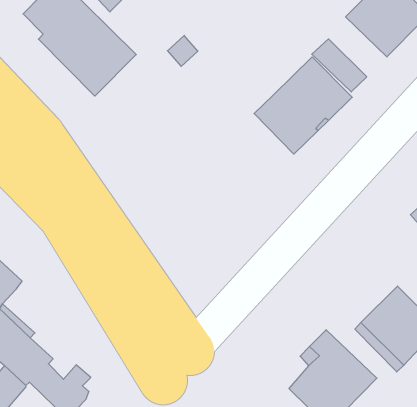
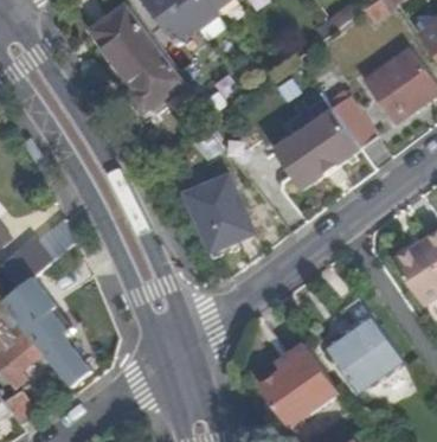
building: none -> [186,178,252,250]

